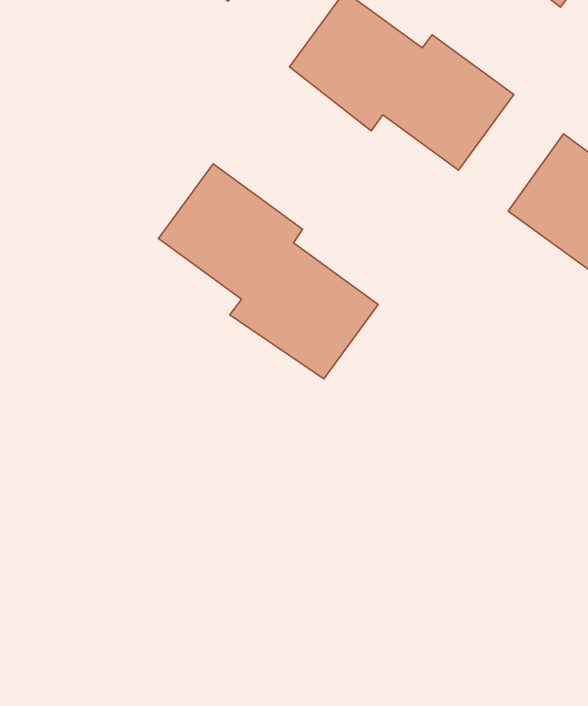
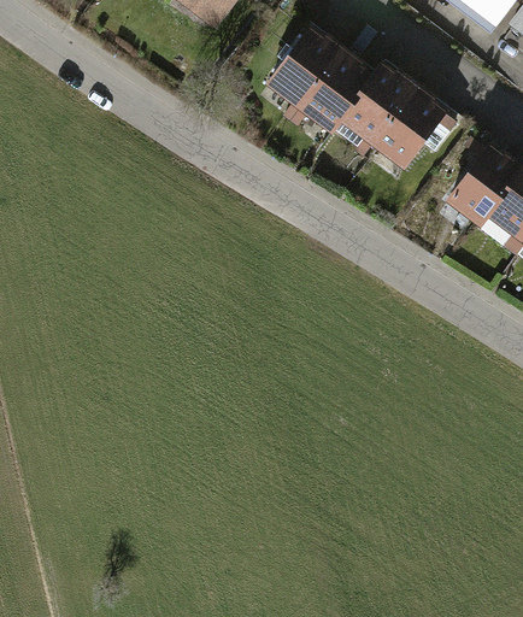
building: [159,164,378,379] -> none

